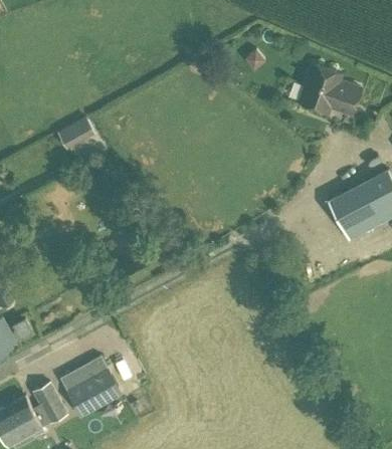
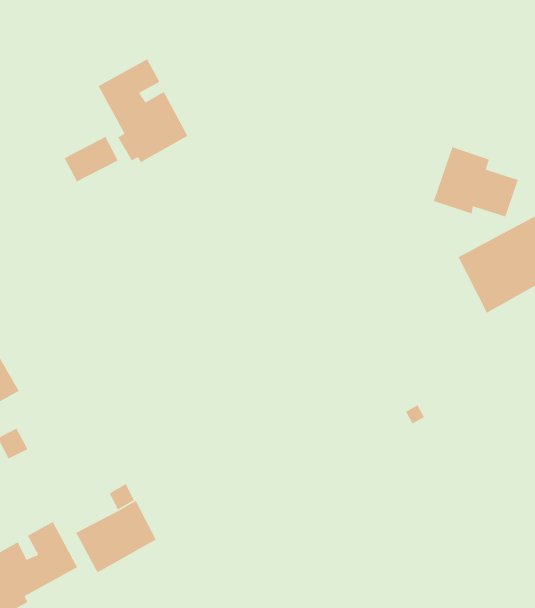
building: none -> [98,58,188,163]
building: [300,65,359,115] -> [433,146,519,217]

